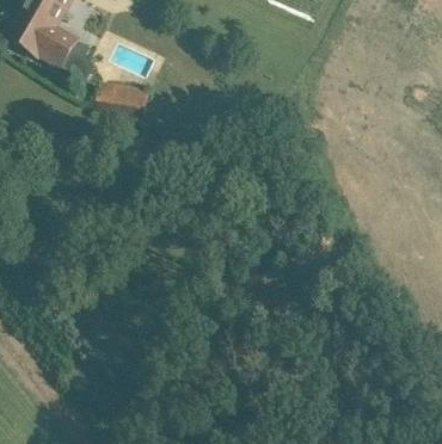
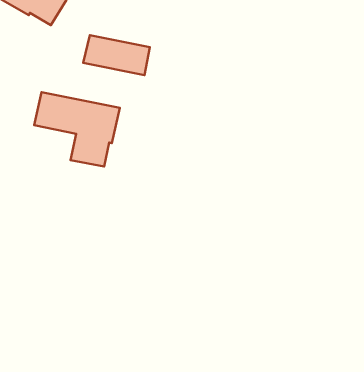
building: none -> [34,92,120,167]

